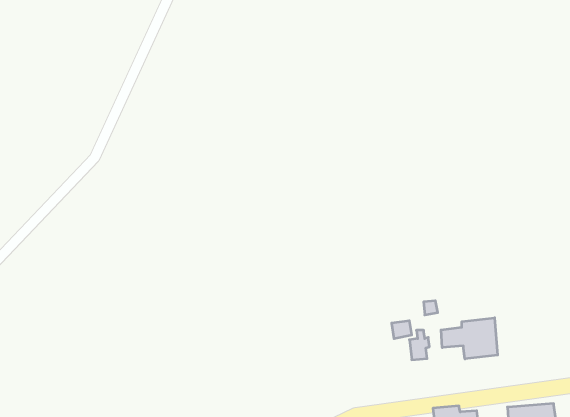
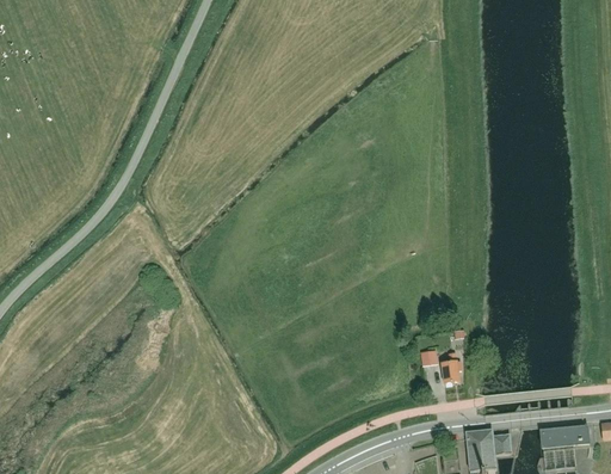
building: [441,318,498,359] -> none

